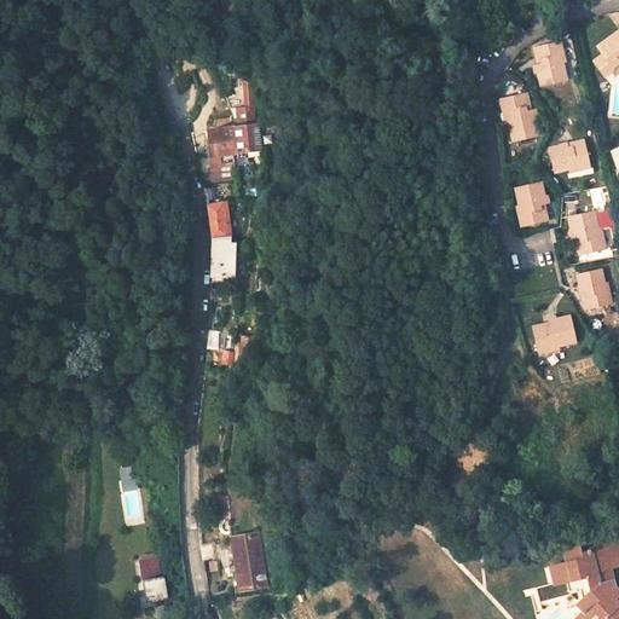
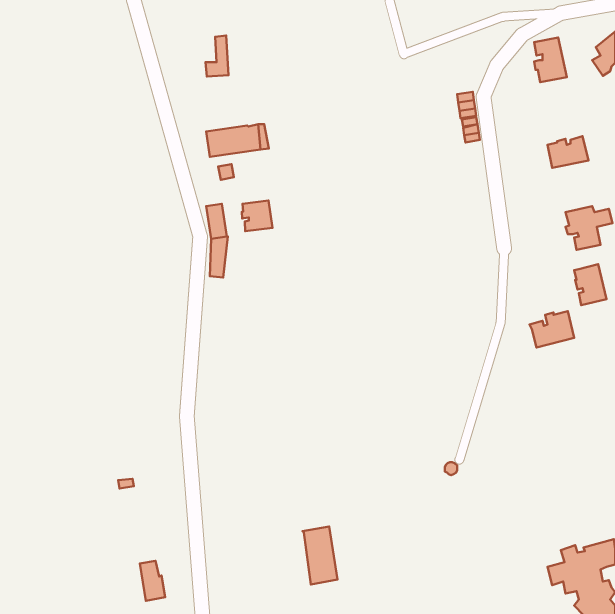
building: [233,82,256,123] -> [206,36,228,77]
building: [504,91,540,139] -> none
building: [515,179,548,224] -> none
building: none -> [242,200,273,231]
building: [231,537,266,595] -> [302,527,337,584]

